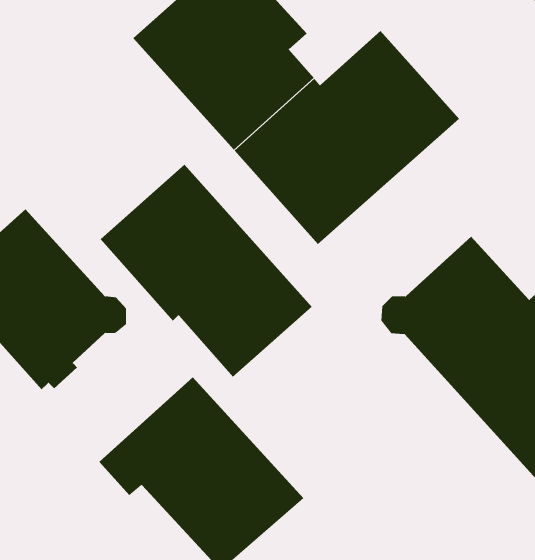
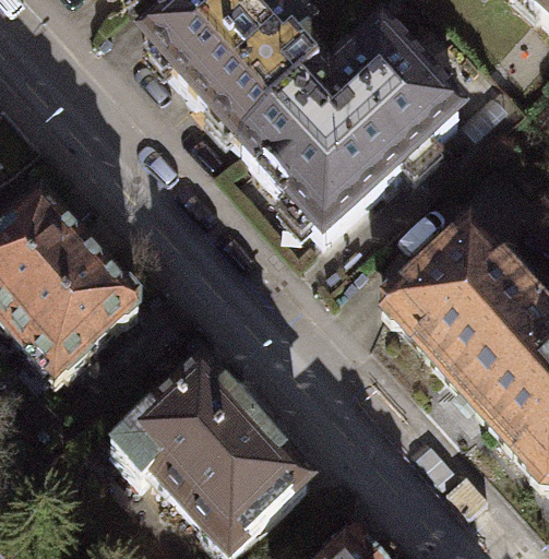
building: [100,164,313,378] -> none

